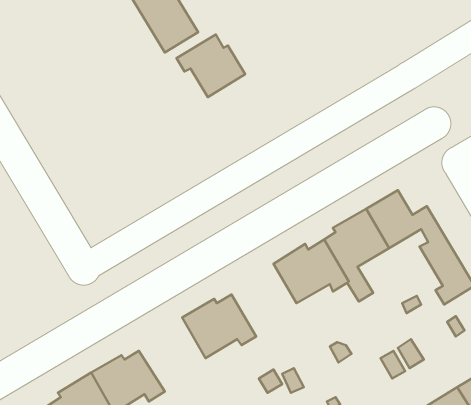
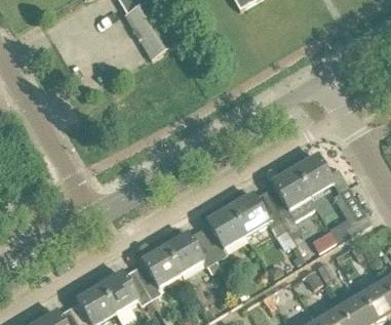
building: [177,35,245,97] -> none
building: none -> [199,207,245,258]
building: none -> [133,245,181,297]

